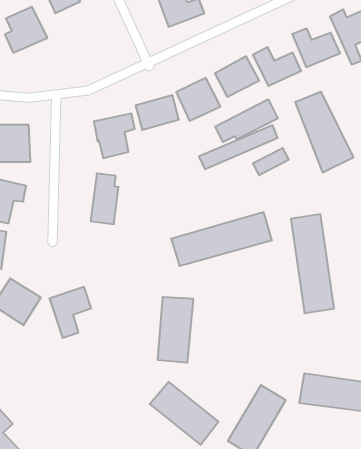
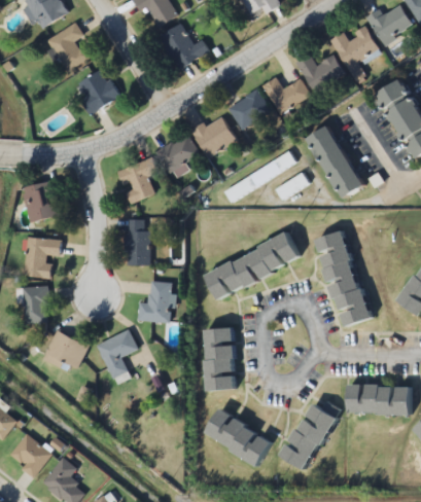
building: [5,7,47,53] -> [77,68,119,114]
building: [215,99,278,142] -> none
building: none -> [138,281,169,321]

